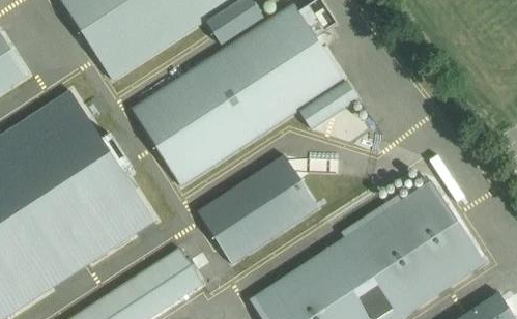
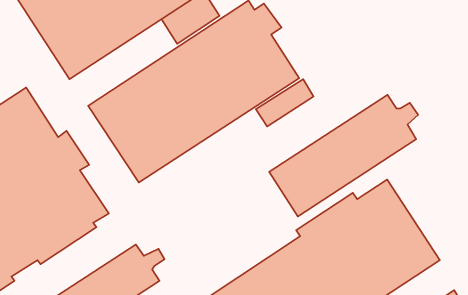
building: none -> [269,95,418,216]
building: [199,154,319,264] -> none

